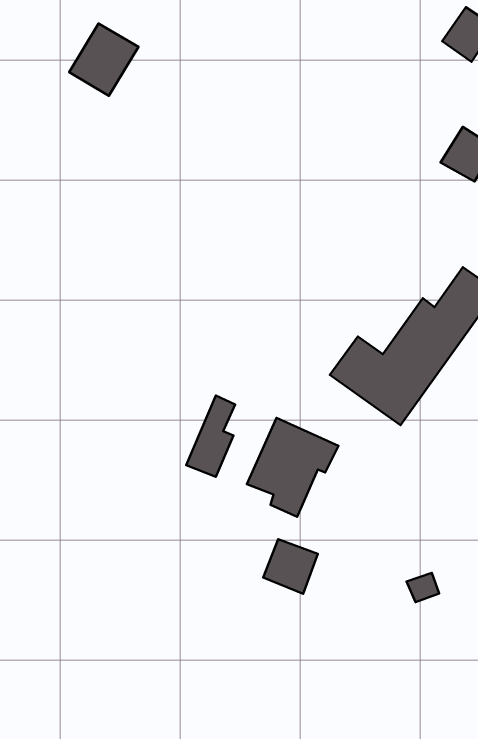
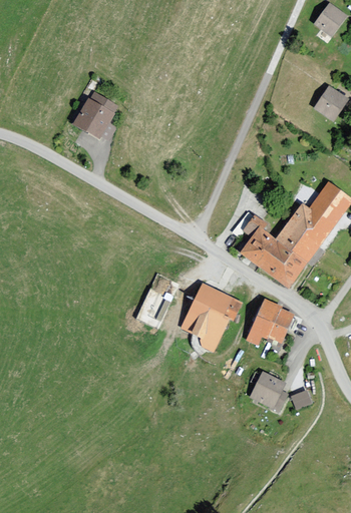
building: [69,23,139,96] -> [70,89,117,138]
building: none -> [247,300,294,344]
building: [263,539,318,594] -> [250,372,287,409]

